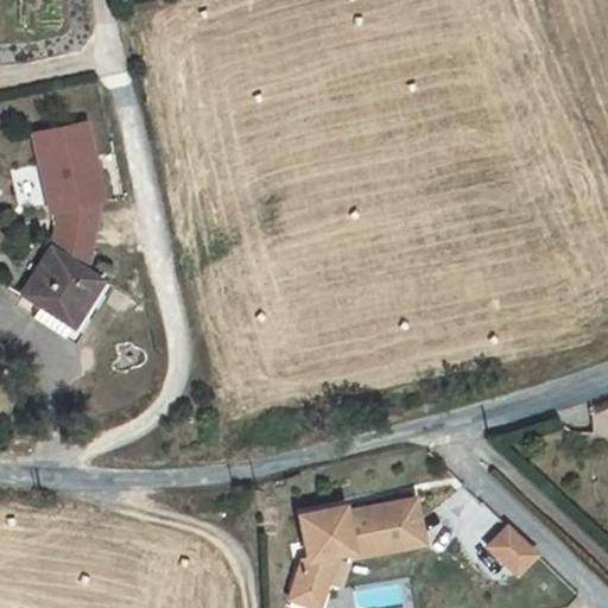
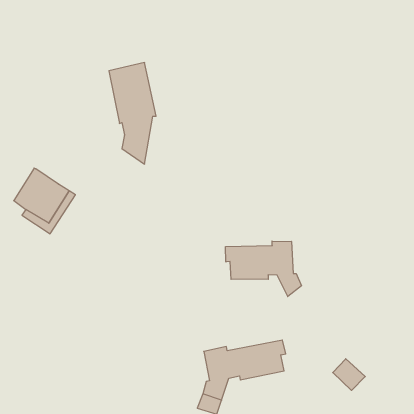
building: [34,121,103,270] -> [109,63,156,164]
building: none -> [226,241,301,297]

